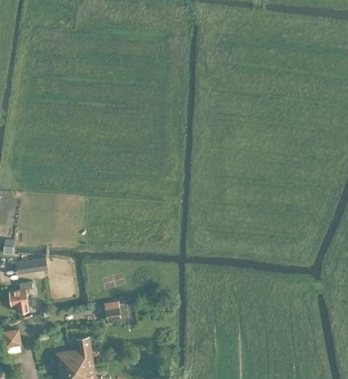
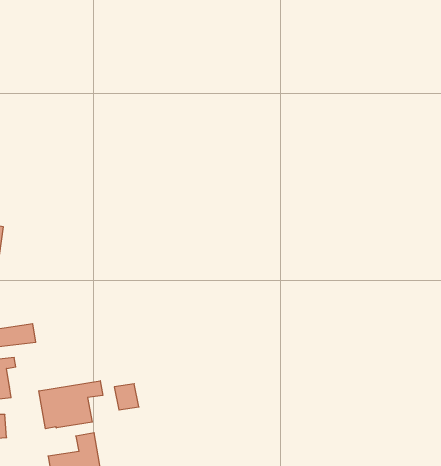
building: none -> [39,381,103,429]

